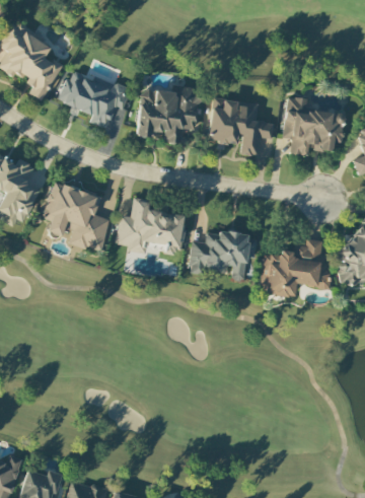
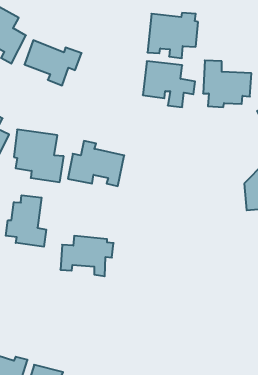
building: [136,86,200,143] -> [147,13,198,58]
building: [189,230,256,281] -> [60,236,114,276]
building: [259,238,331,296] -> none
building: none -> [6,195,46,247]

